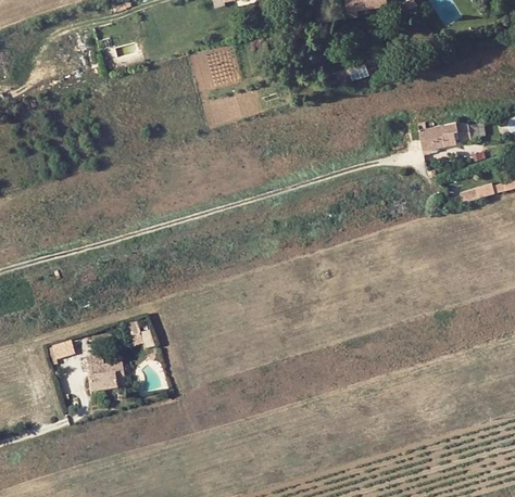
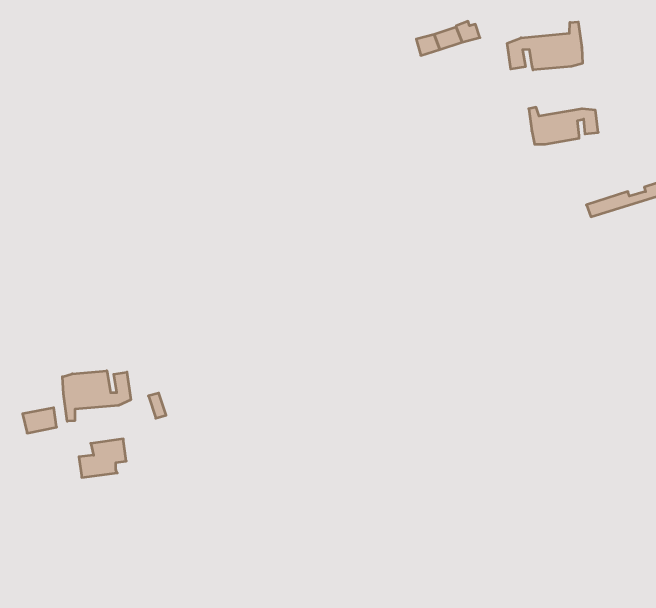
building: none -> [507,22,582,70]
building: none -> [62,371,131,421]

